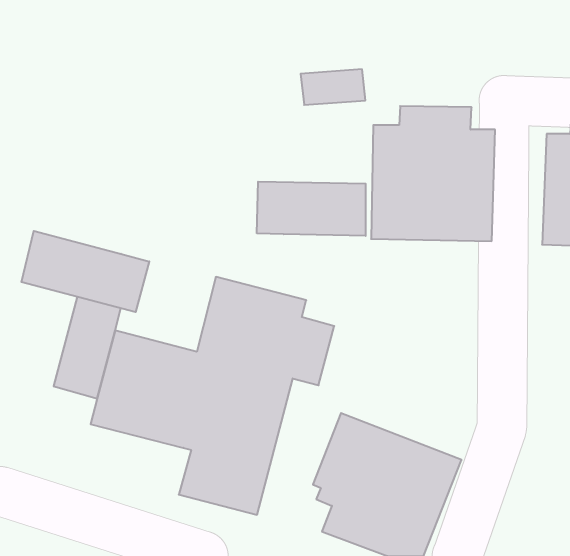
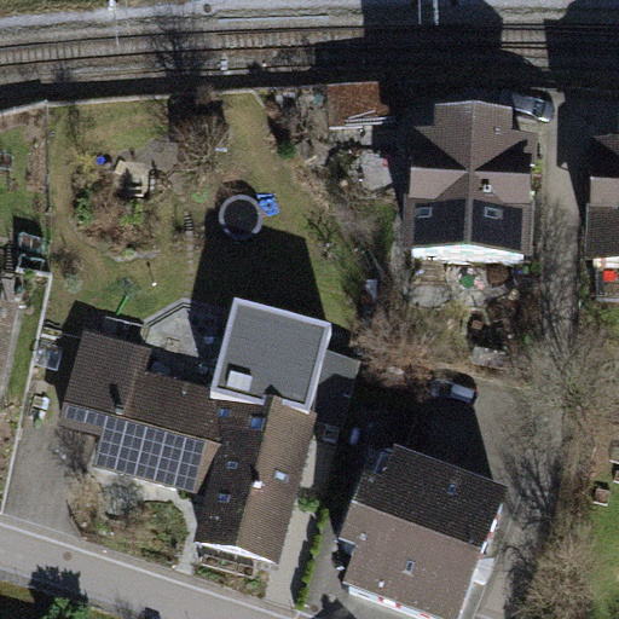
building: [257,182,366,236] -> none
building: [21,231,149,312] -> none

